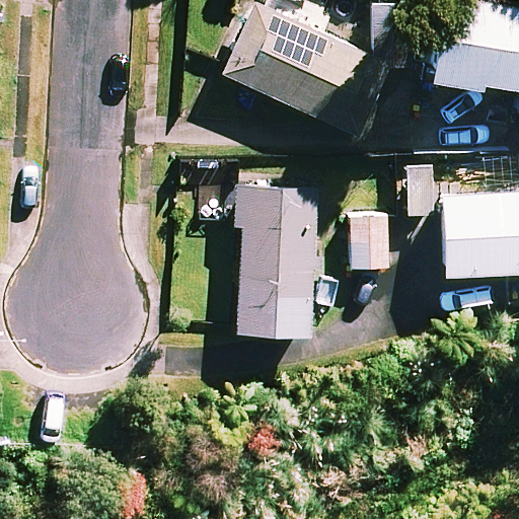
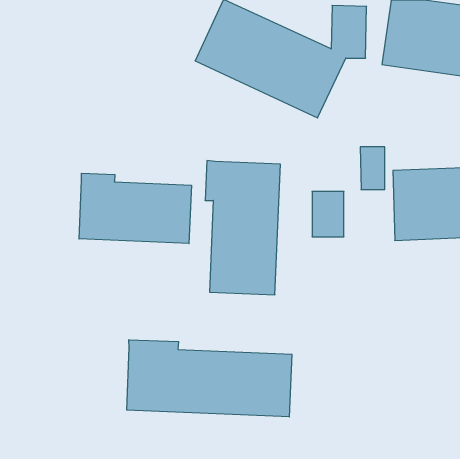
building: none -> [79,173,191,244]
building: none -> [127,340,292,417]

